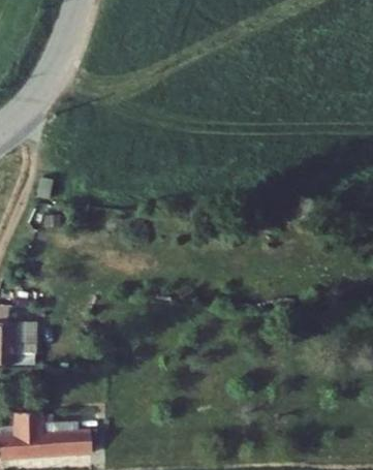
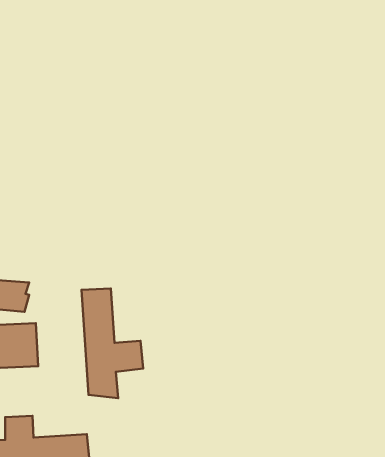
building: none -> [82,289,143,398]

